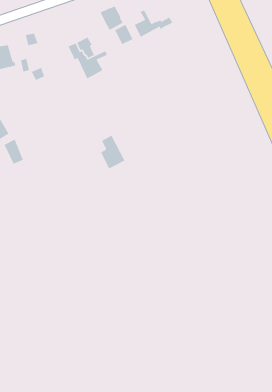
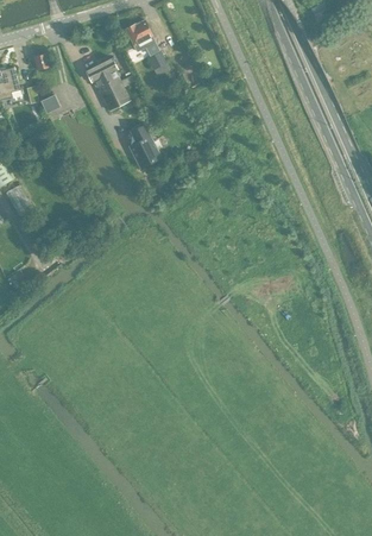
building: [134,9,173,38] -> none
building: [100,135,125,170] -> [128,124,159,166]

